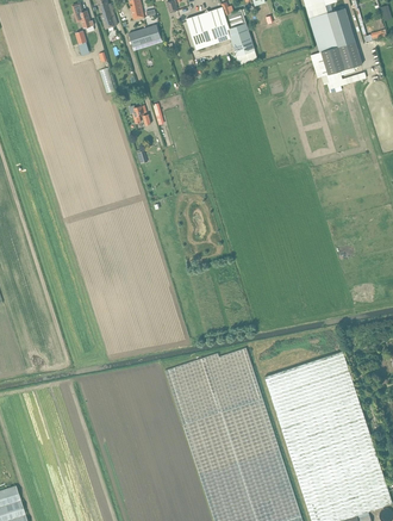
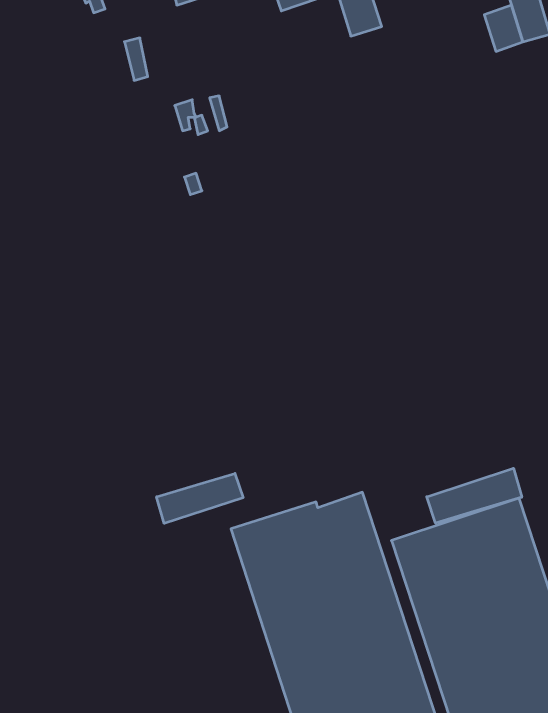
building: none -> [427,468,522,523]
building: none -> [157,473,243,523]

